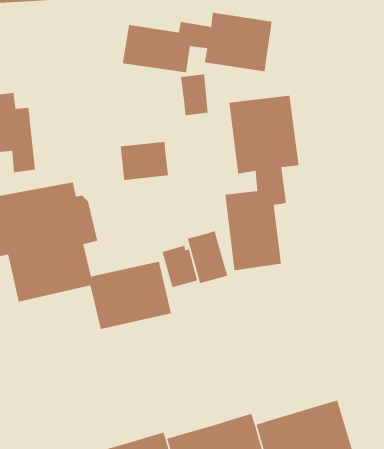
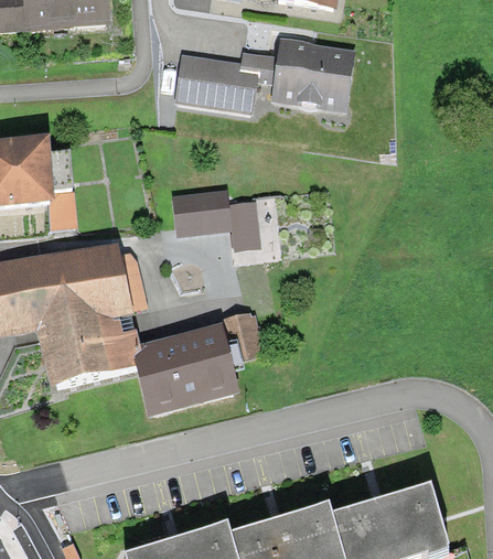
building: [180,74,209,116] -> [226,202,259,251]
building: [225,95,299,271] -> none
building: [187,230,228,284] -> none

